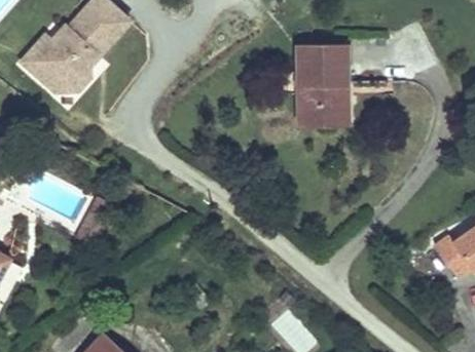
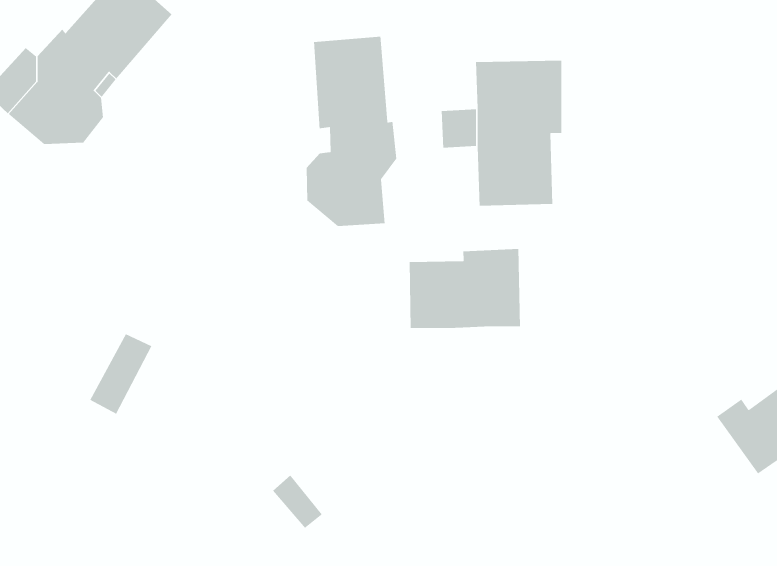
building: none -> [306,36,397,227]
building: none -> [409,248,521,329]

